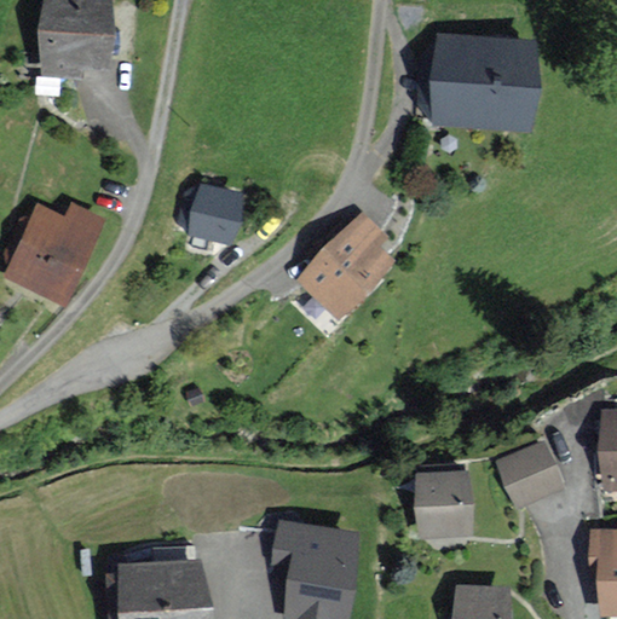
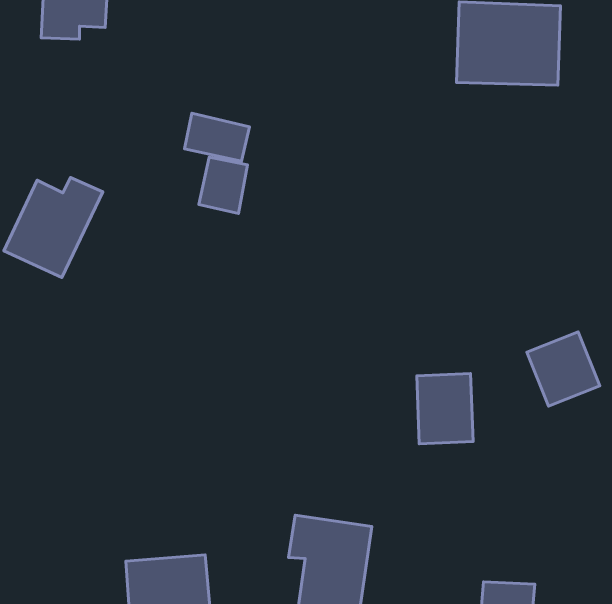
building: none -> [185,113,250,161]
building: [300,215,391,314] -> none
building: [495,440,564,510] -> [527,332,600,406]
building: [416,472,469,538] -> [417,373,473,444]

